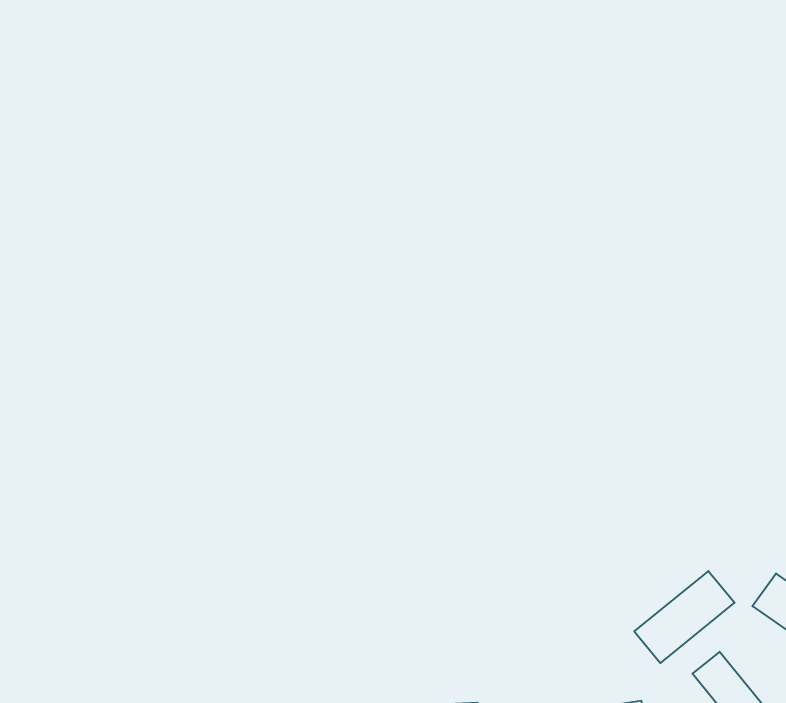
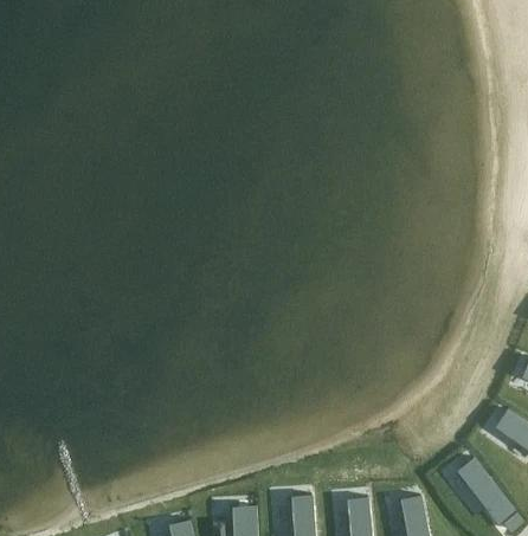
building: [634,571,735,663] -> none

